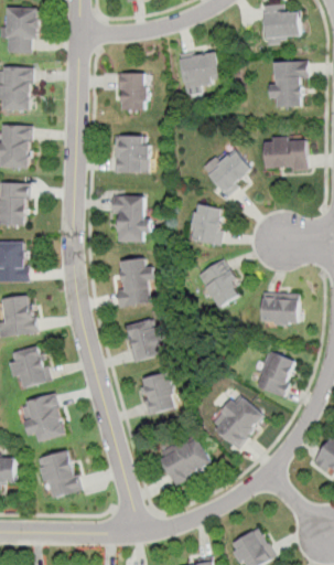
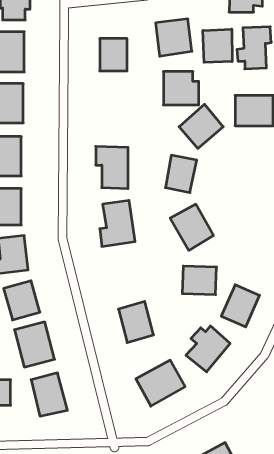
building: none -> [203,29,232,62]
building: [112,135,152,172] -> [163,72,199,105]
building: [259,294,298,326] -> [182,266,217,295]
building: [123,317,165,362] -> none

